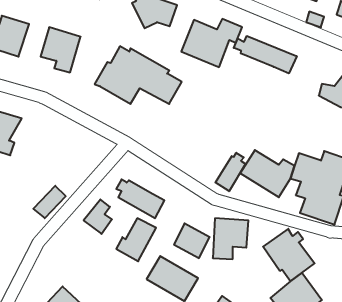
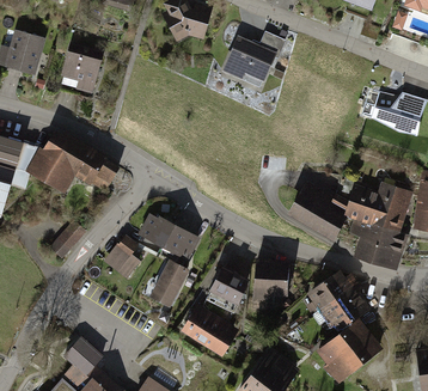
building: [234,36,297,73] -> none
building: [95,46,182,104] -> [22,128,121,194]
building: [215,153,246,191] -> none

